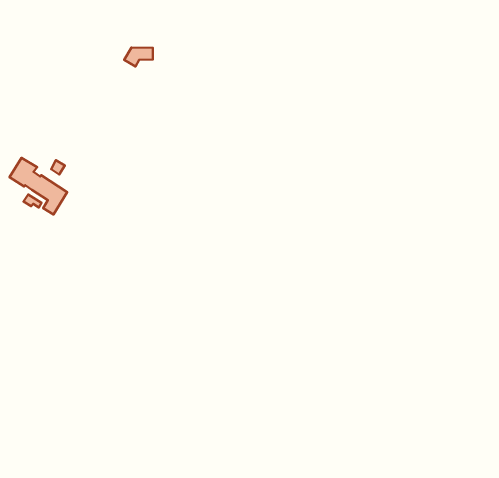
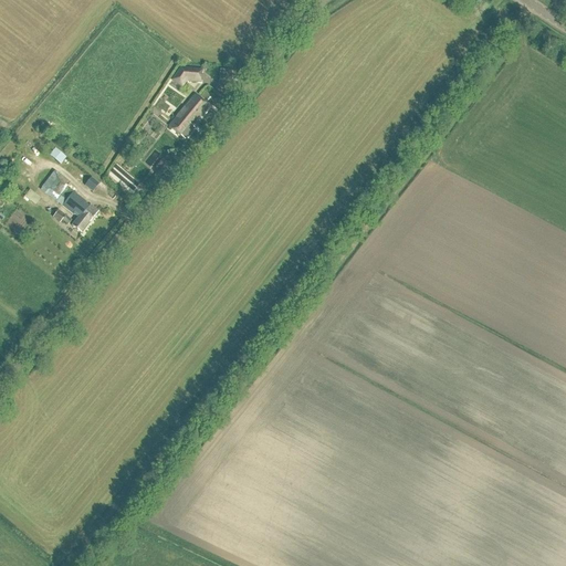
building: none -> [168,93,208,137]

